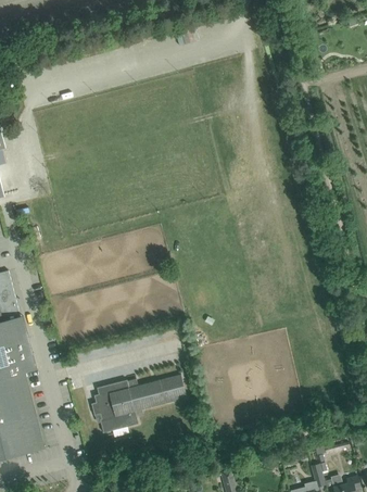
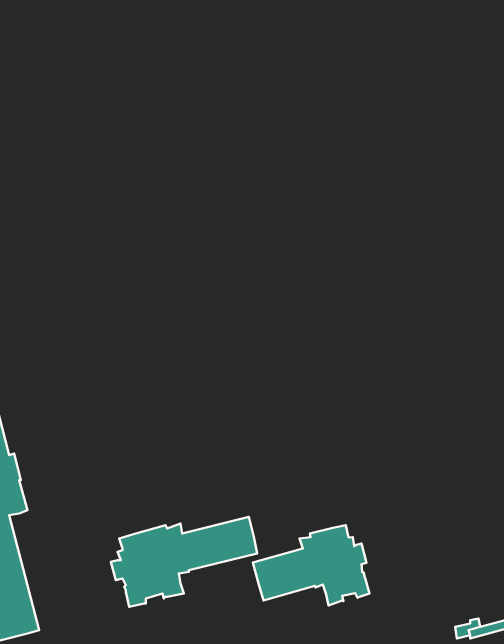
building: none -> [253,525,370,605]

